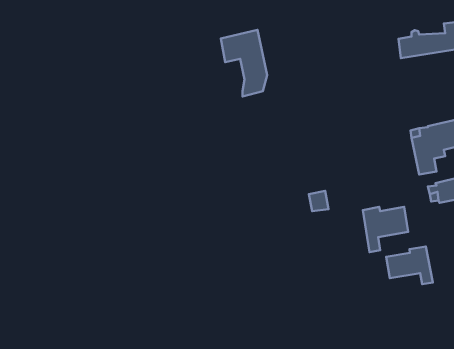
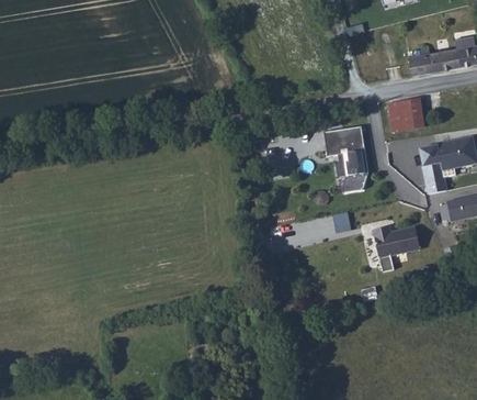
building: [221,30,267,97] -> [313,124,360,192]
building: none -> [390,100,427,132]
building: [386,247,433,284] -> none

